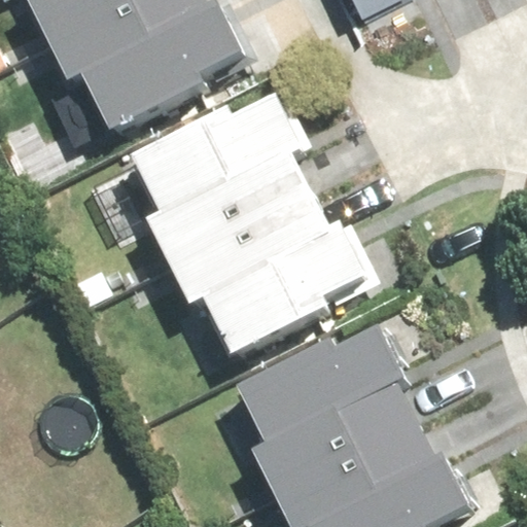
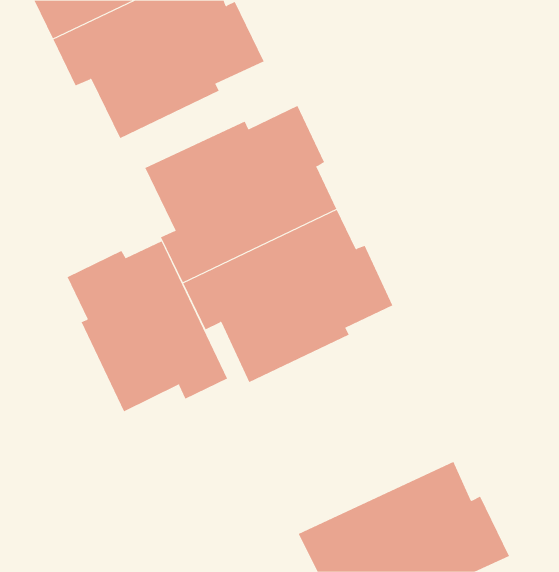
building: none -> [67,241,228,412]
building: [240,328,417,491] -> none

